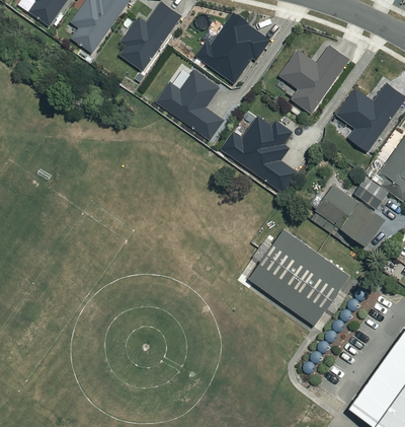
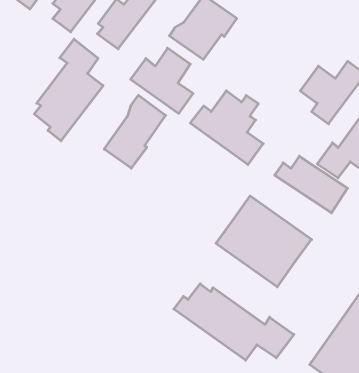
building: [279,46,349,115] -> none
building: none -> [34,39,103,141]
building: none -> [104,95,166,168]
building: none -> [174,284,294,360]

